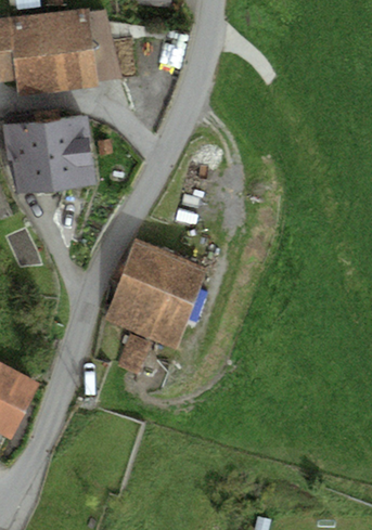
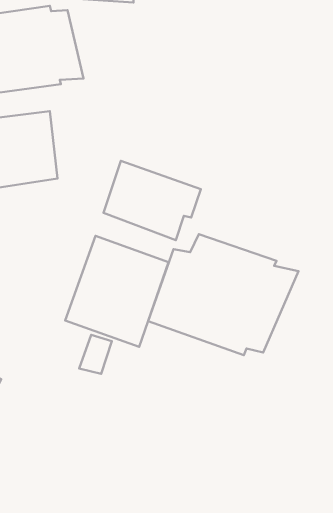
building: none -> [103,161,201,240]
building: none -> [148,234,299,355]

